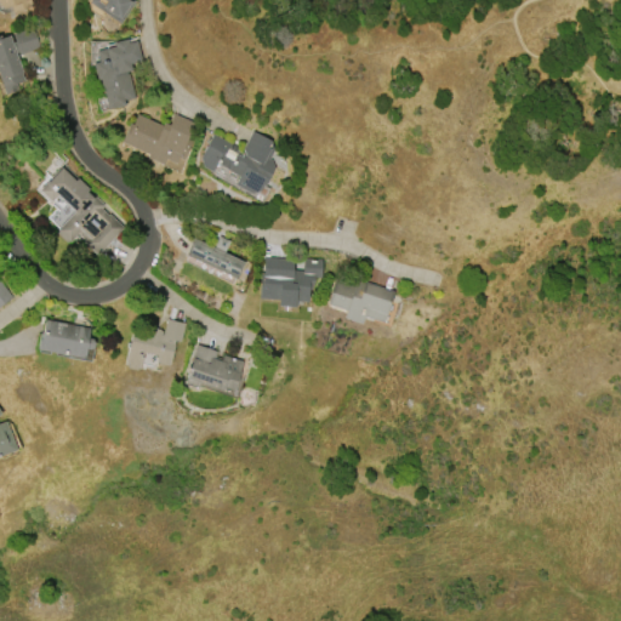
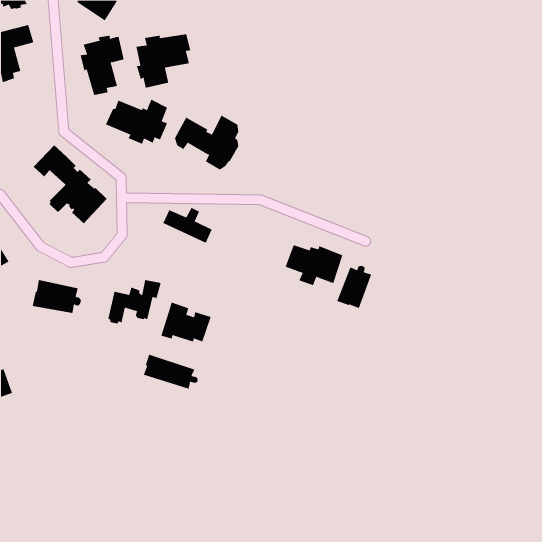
building: none -> [136,33,191,89]
building: [258,258,323,308] -> none
building: none -> [336,265,372,309]
building: none -> [143,354,198,389]

